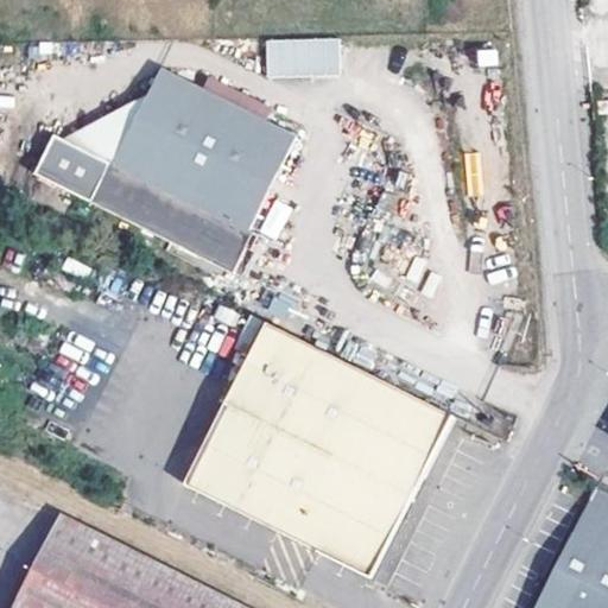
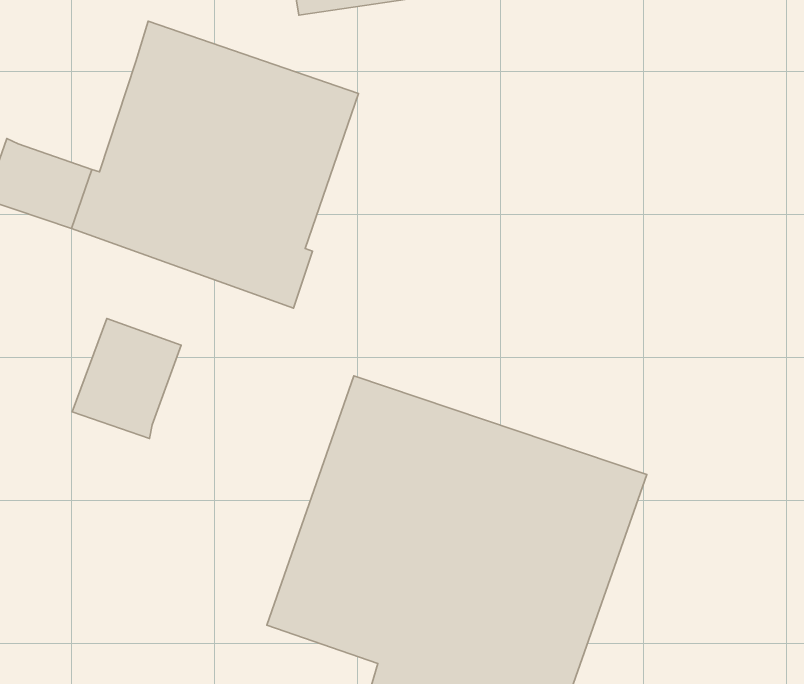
building: [61,93,147,164] -> none
building: none -> [72,319,181,438]

